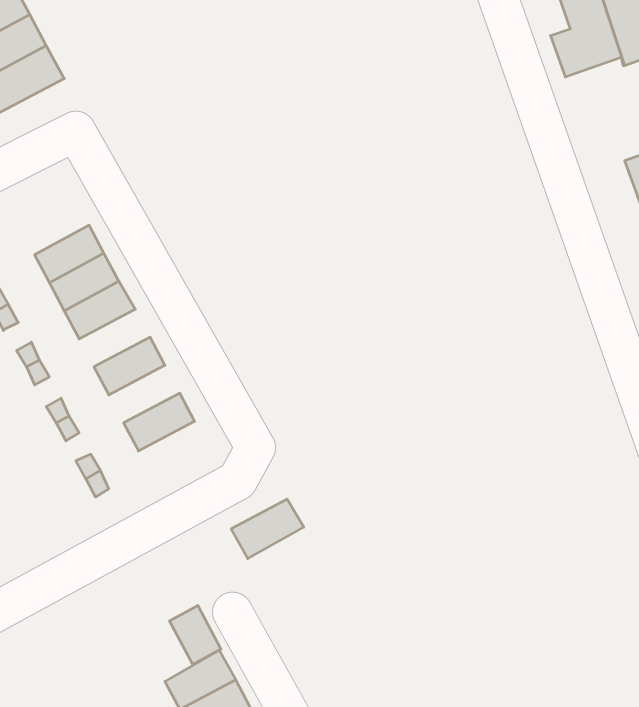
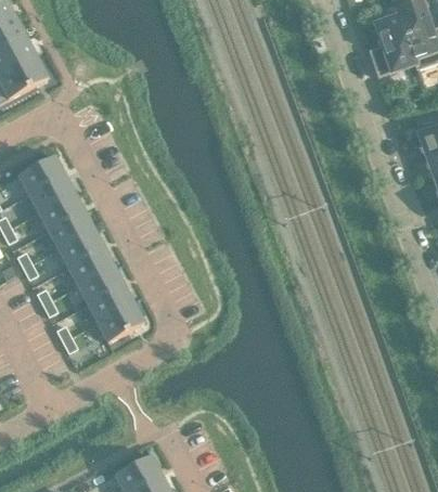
building: none -> [18,154,65,193]
building: none -> [59,229,105,267]
building: none -> [78,266,125,303]
building: [231,499,304,559] -> [98,302,145,341]
building: [170,605,221,665] -> none

